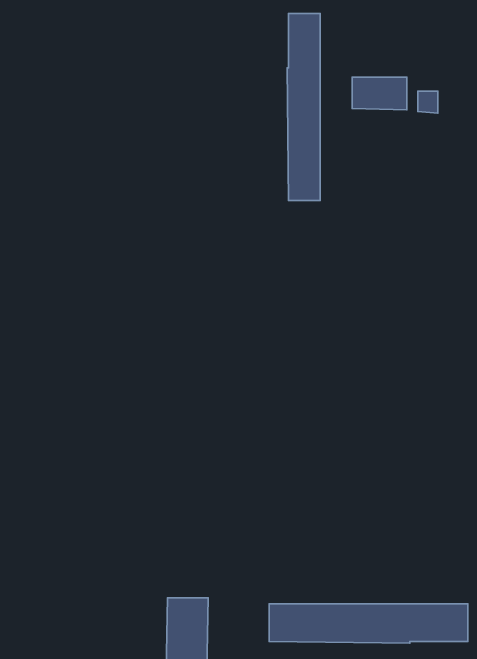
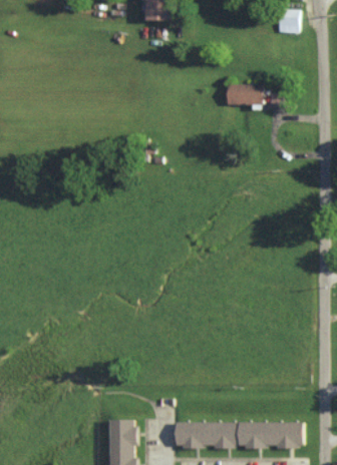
building: [287,13,320,200] -> none

